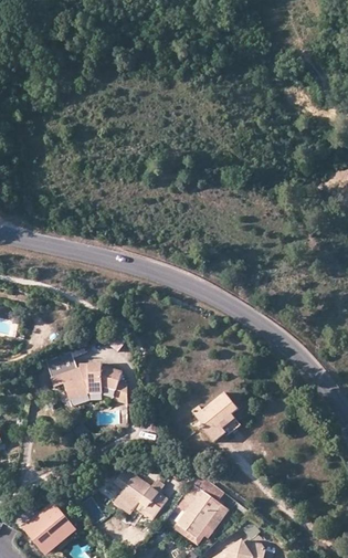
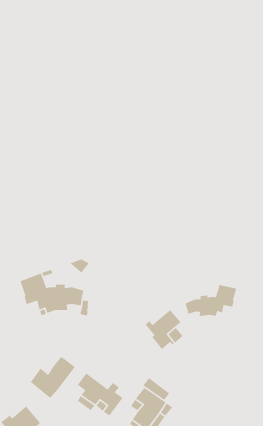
building: none -> [185,284,237,317]
building: none -> [30,356,76,399]

